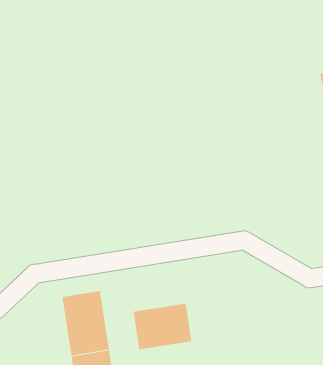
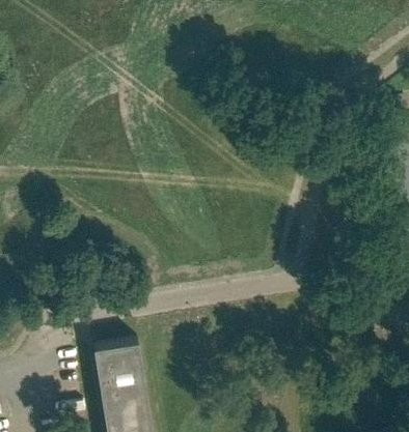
building: [133,303,192,350] -> none

